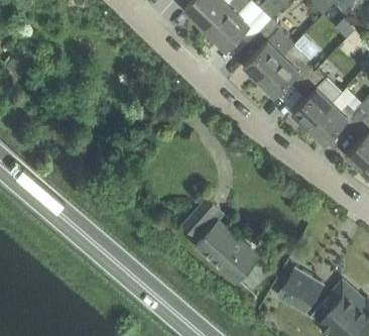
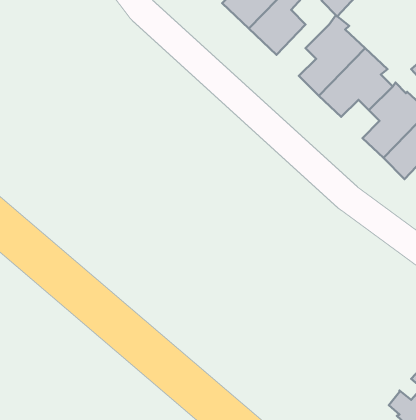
building: [182,200,257,283] -> none
building: [281,268,323,308] -> none

